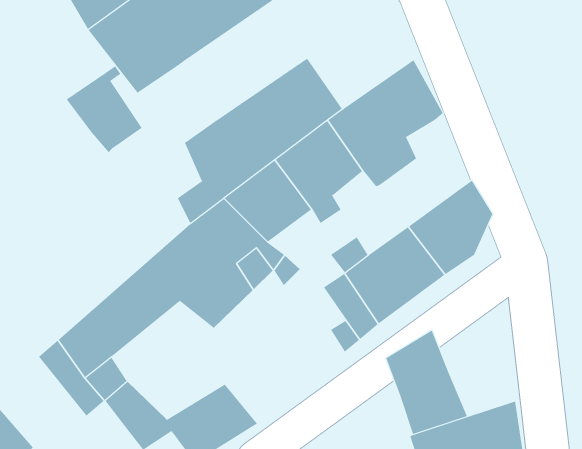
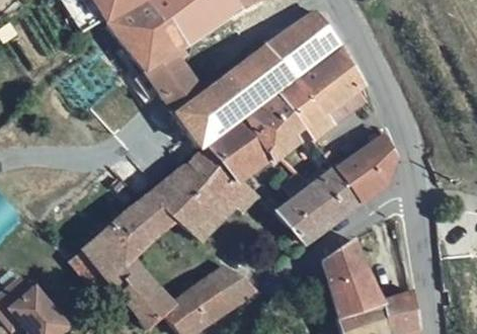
building: none -> [265,14,341,83]
building: [66,65,142,153] -> [144,48,198,110]
building: none -> [207,267,253,308]

